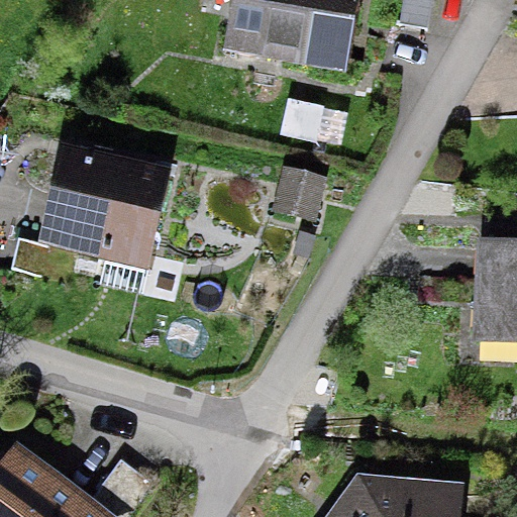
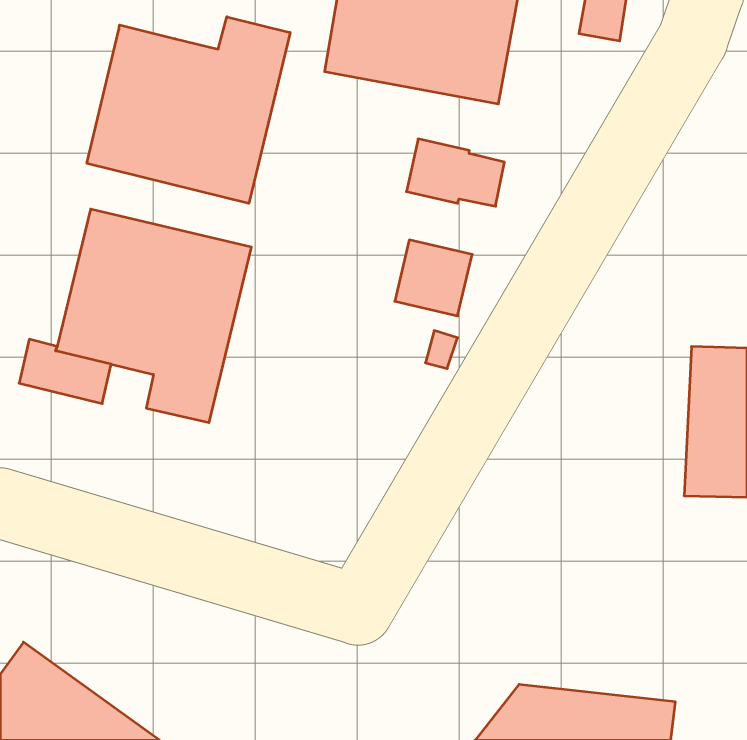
building: none -> [87,17,290,203]

